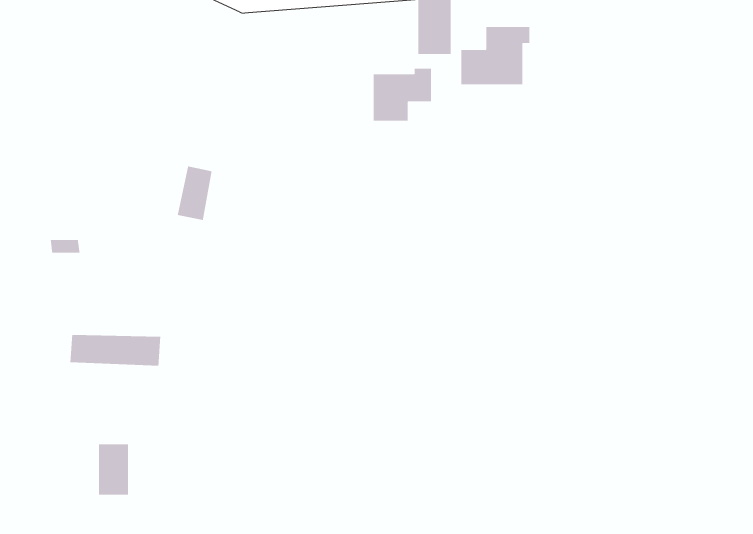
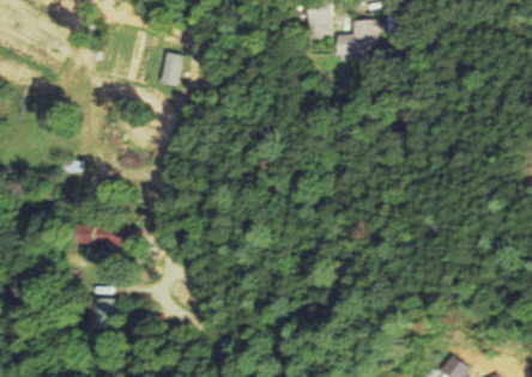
building: [373,68,432,121] -> none
building: [177,165,213,221] -> [158,53,182,90]

